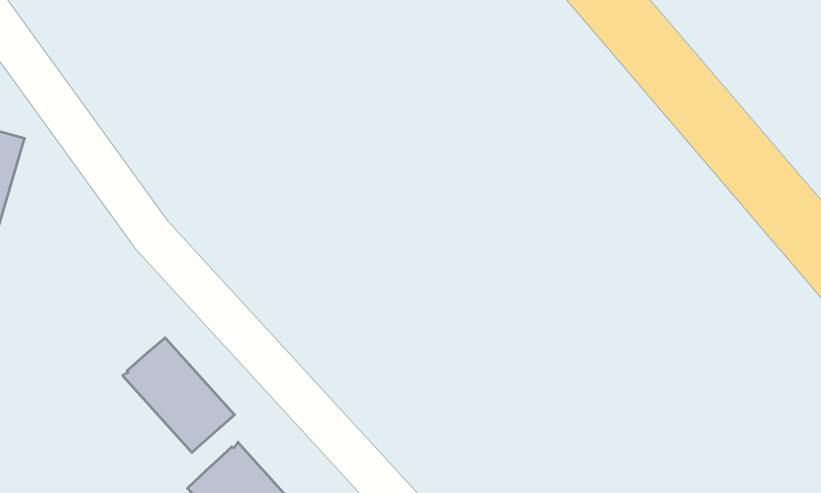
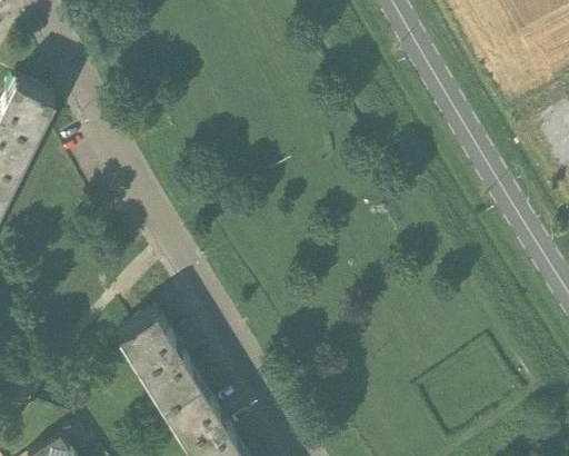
building: [123,338,235,453] -> none

